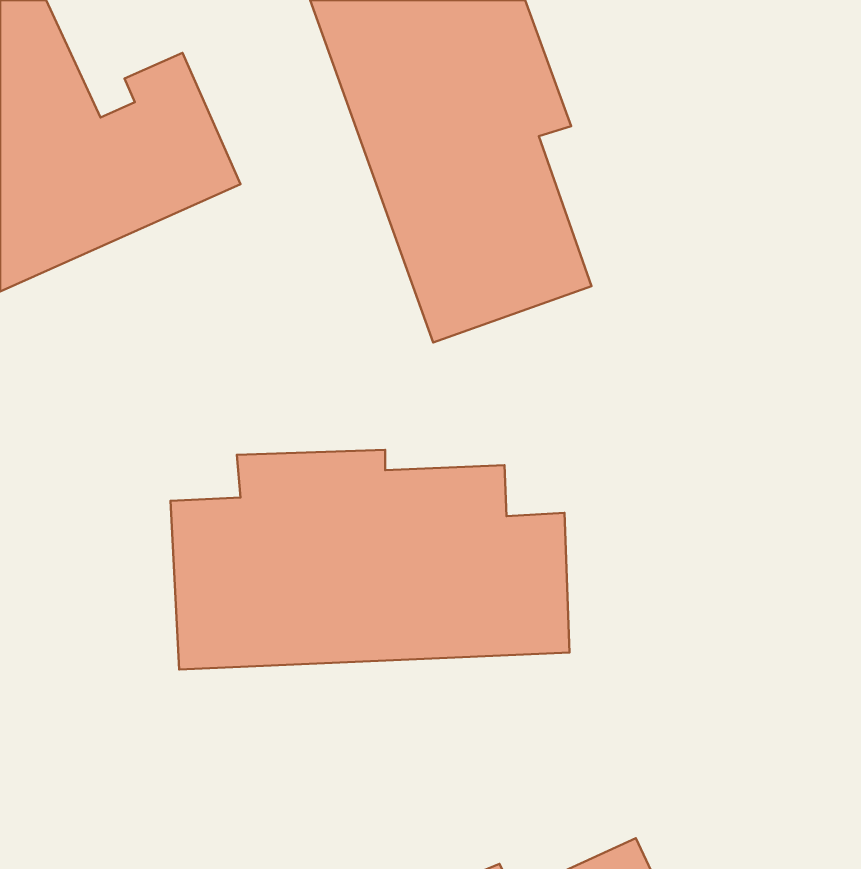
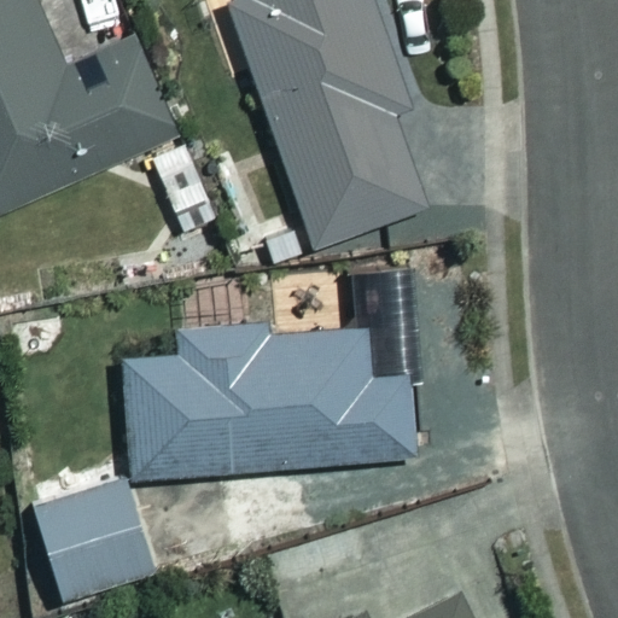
building: none -> [35,479,152,601]

